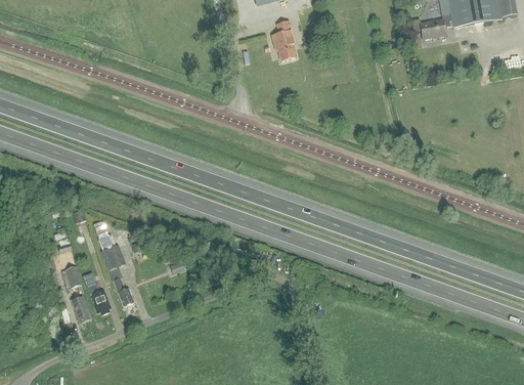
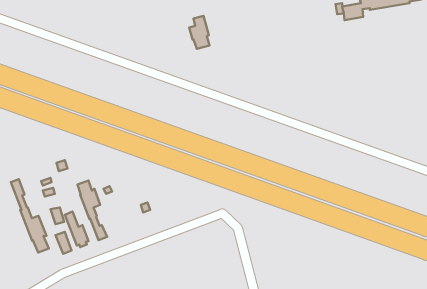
building: [271,20,296,60] -> [189,16,210,49]
building: none -> [11,179,49,253]

